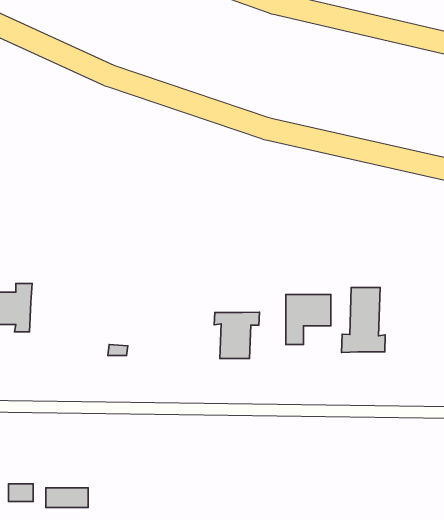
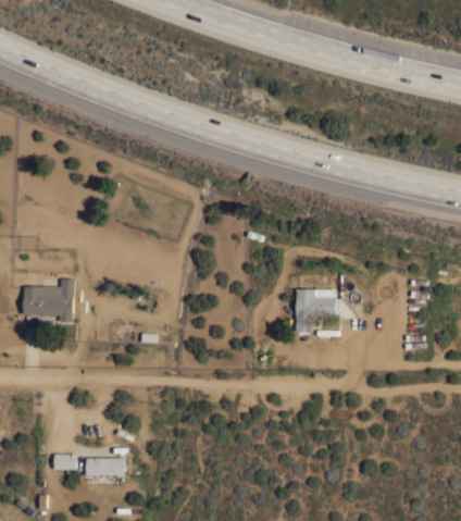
building: [341,287,385,353] -> none
building: [214,312,259,358] -> none

